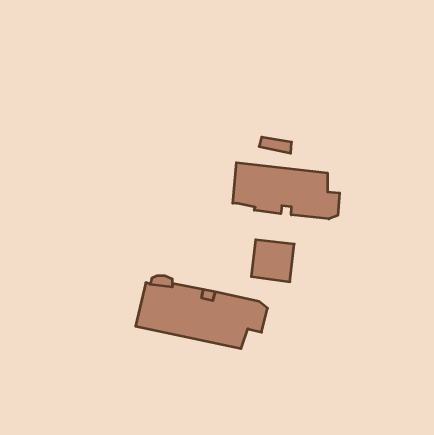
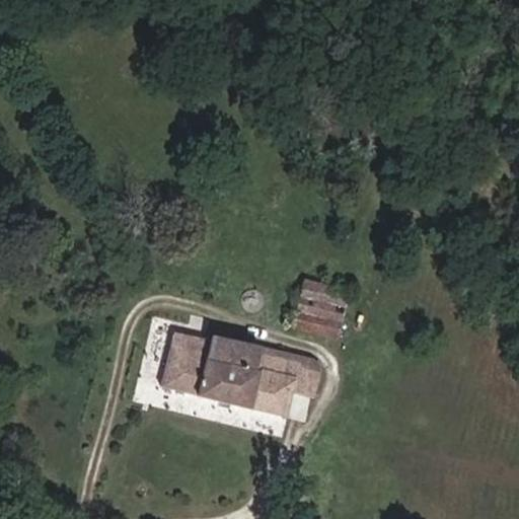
building: [233,163,340,219] -> none

